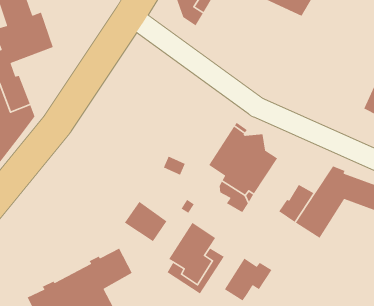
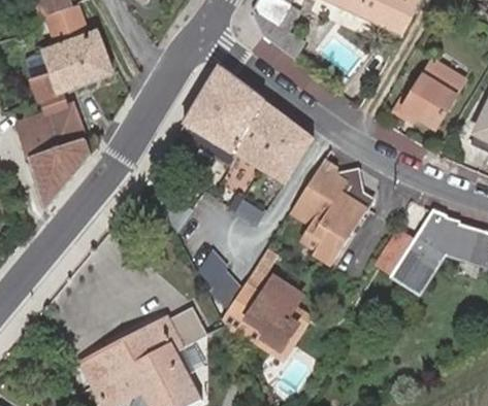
building: none -> [401,57,464,125]
building: none -> [176,65,315,187]
building: [224,258,272,301] -> none

